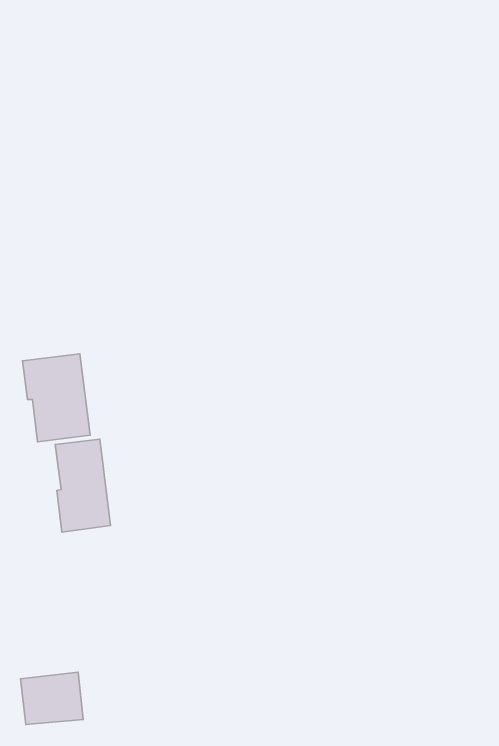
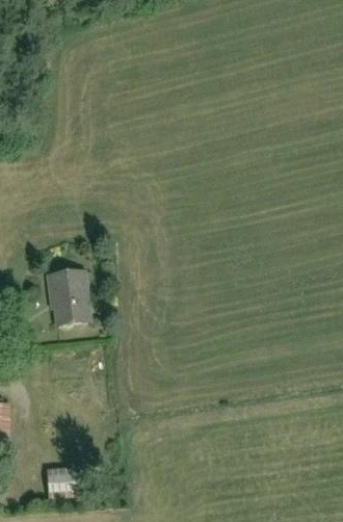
building: [55,439,111,532] -> none

